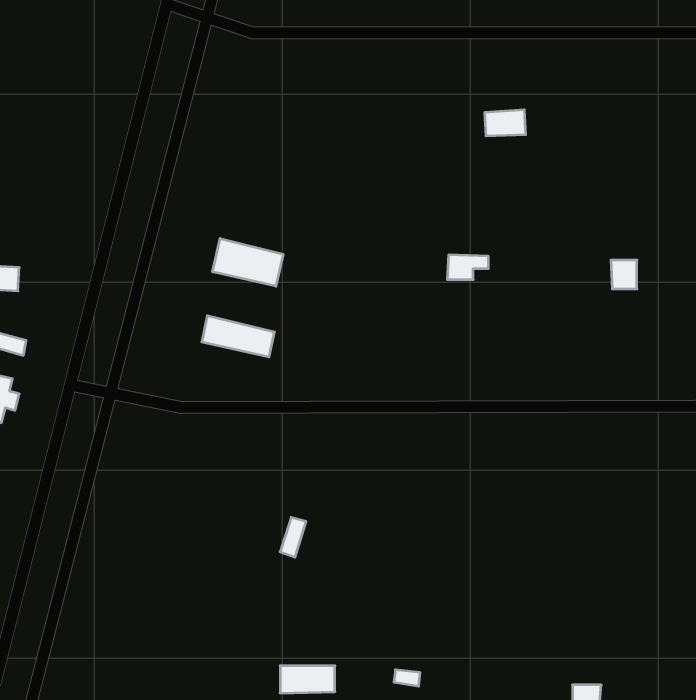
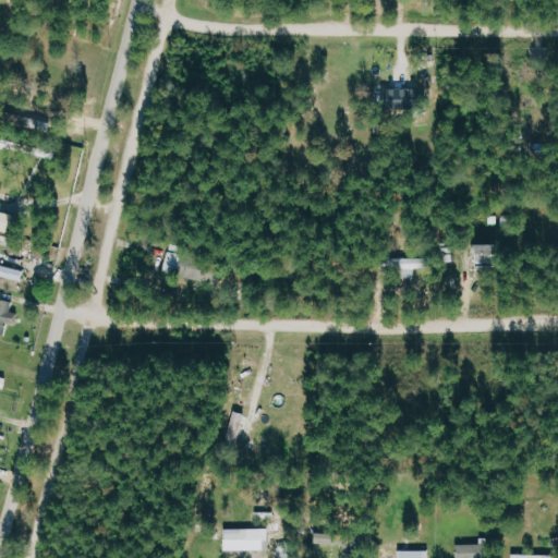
building: [213,238,283,286] -> none
building: [447,255,488,280] -> [390,258,423,278]
building: [611,260,637,289] -> [476,244,497,267]

